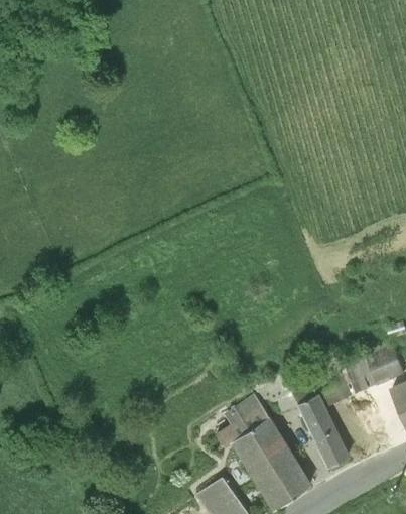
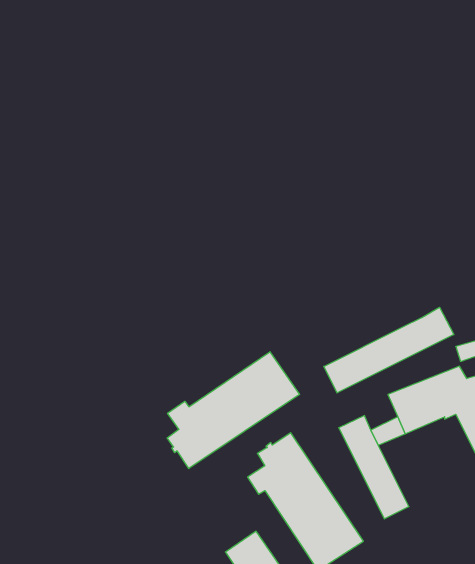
building: none -> [324,307,454,393]
building: none -> [167,352,300,469]

